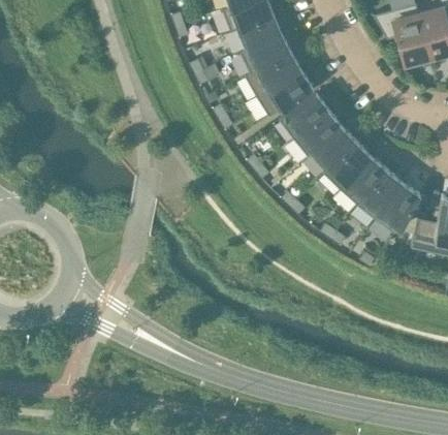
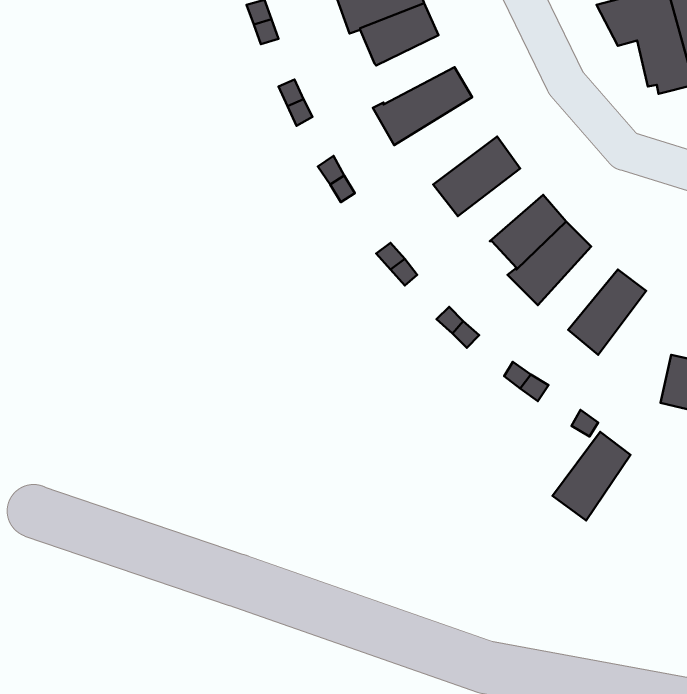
building: [239,33,291,73] -> none
building: [256,69,313,117] -> none
building: [293,111,343,157] -> none
building: [340,156,386,205] -> none
building: [375,182,420,234] -> [552,432,630,521]

